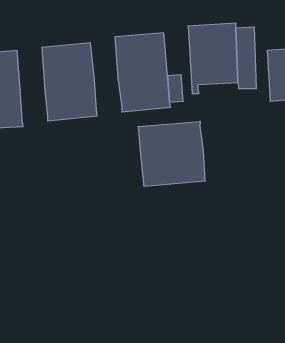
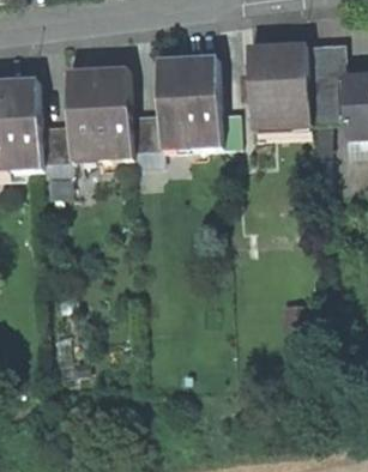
building: none -> [129,110,163,150]
building: none -> [38,121,72,162]
building: [138,121,205,186] -> none

